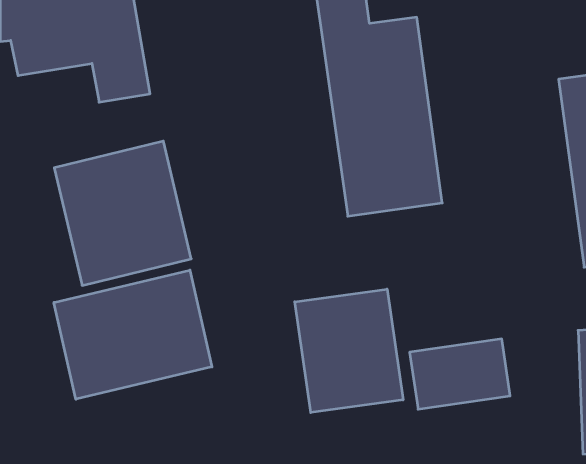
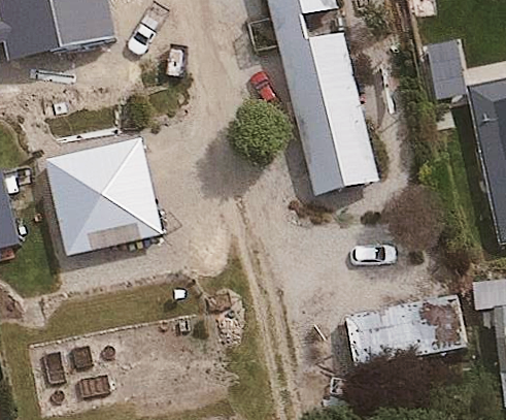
building: [54,270,212,399] -> none
building: [295,289,403,413] -> none

